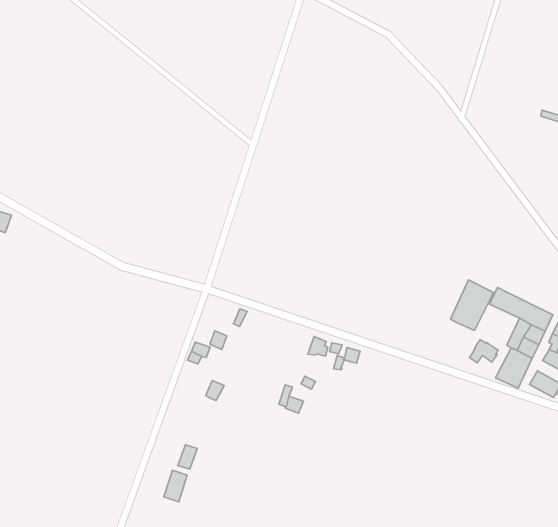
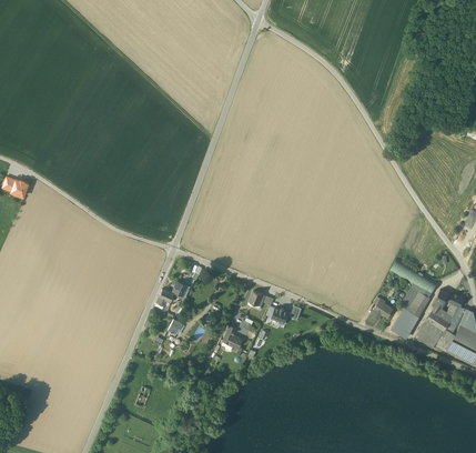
building: [451,280,493,331] -> none

